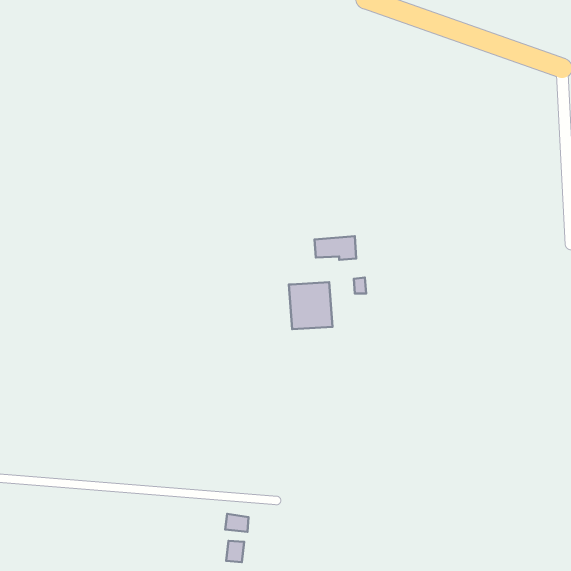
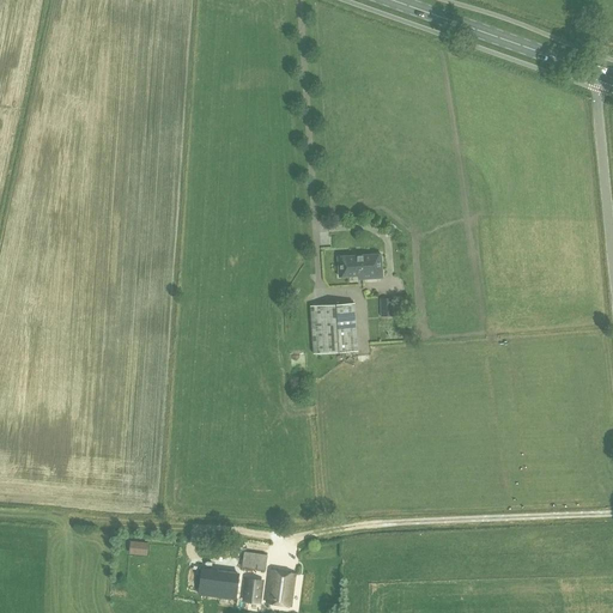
building: none -> [196,568,239,599]
building: none -> [265,570,295,606]

